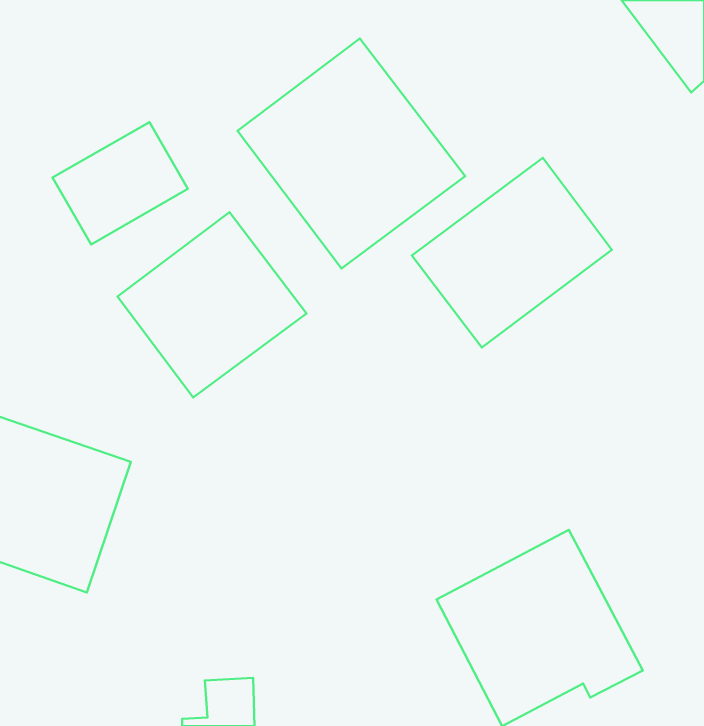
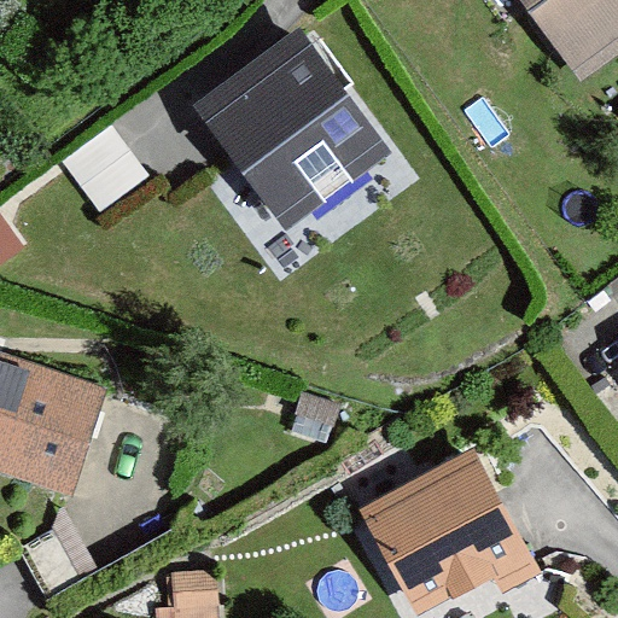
building: [412,158,612,348] -> none
building: [117,212,306,397] -> none

